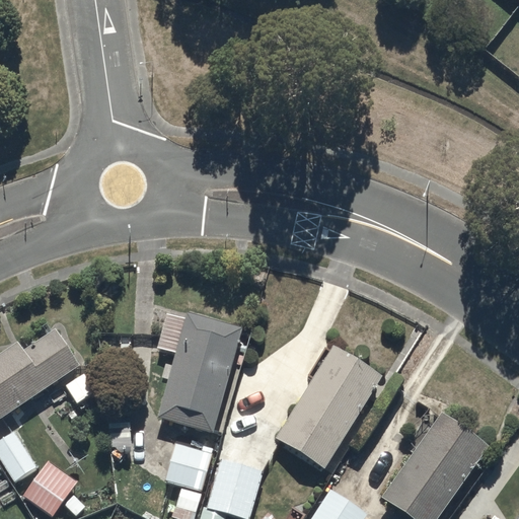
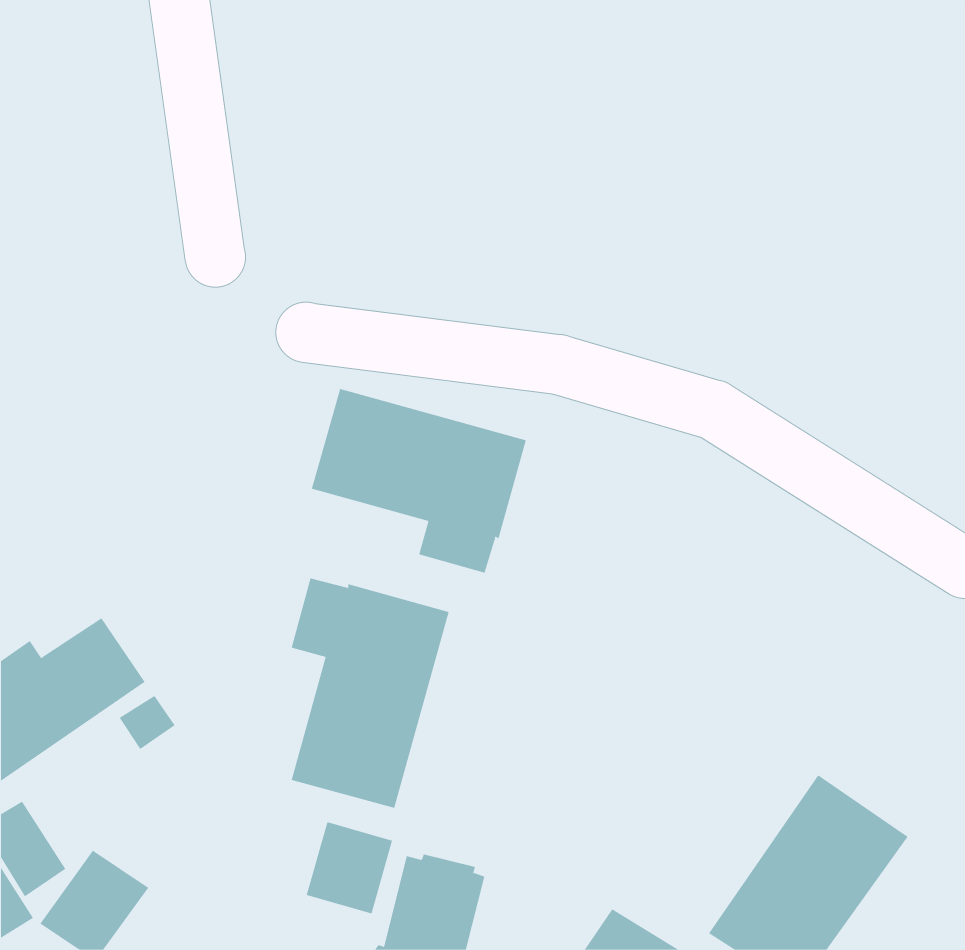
building: none -> [311,388,526,574]
building: [274,343,381,470] -> none

